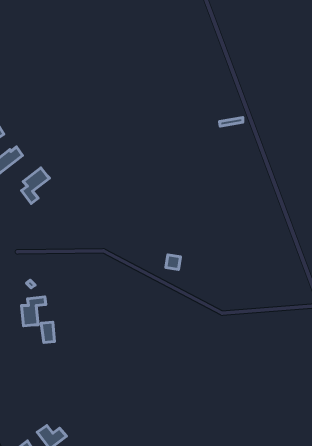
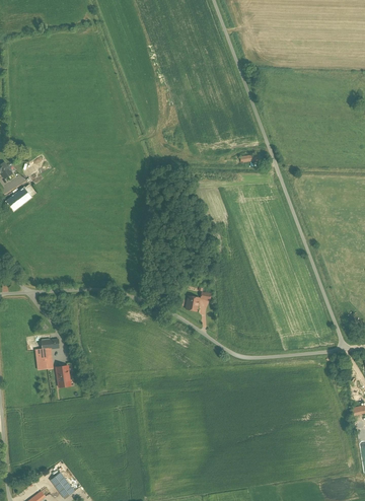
building: [21,168,50,203] -> none

